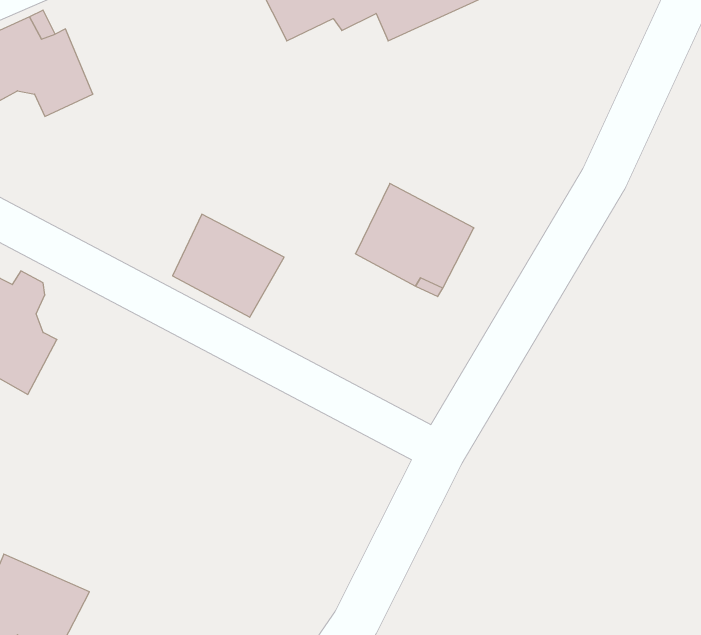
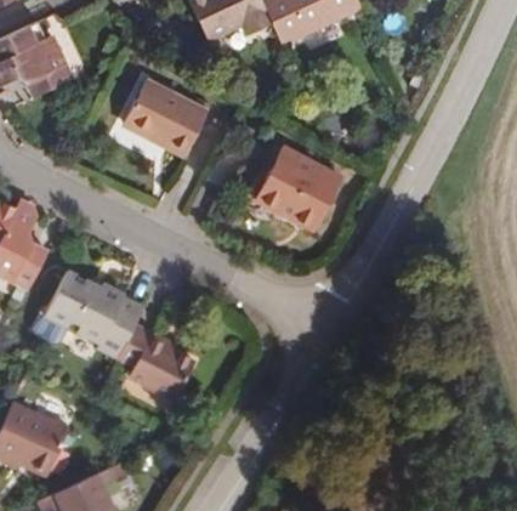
building: [173,214,284,317] -> [119,69,198,142]
building: none -> [46,274,124,343]
building: none -> [114,327,193,402]

